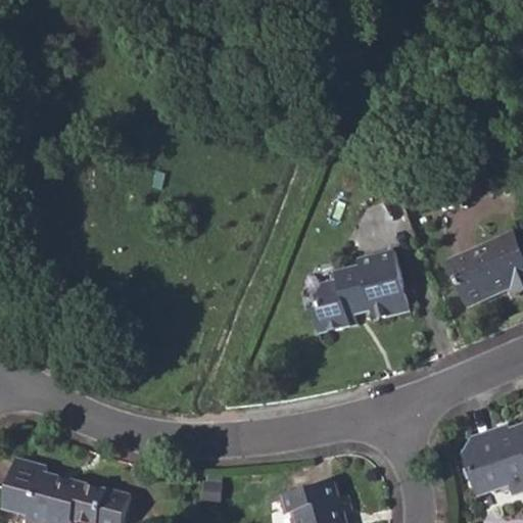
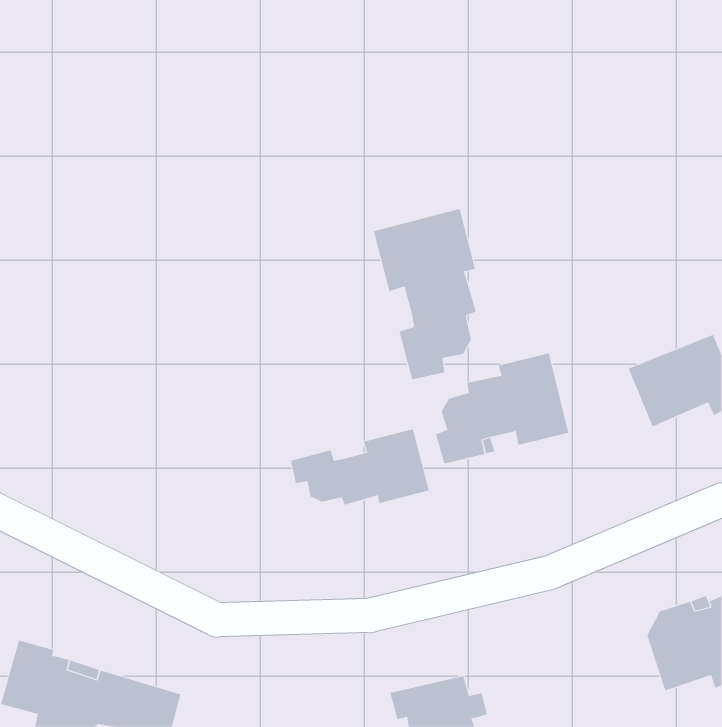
building: none -> [373,208,476,380]
building: none -> [290,428,429,505]

